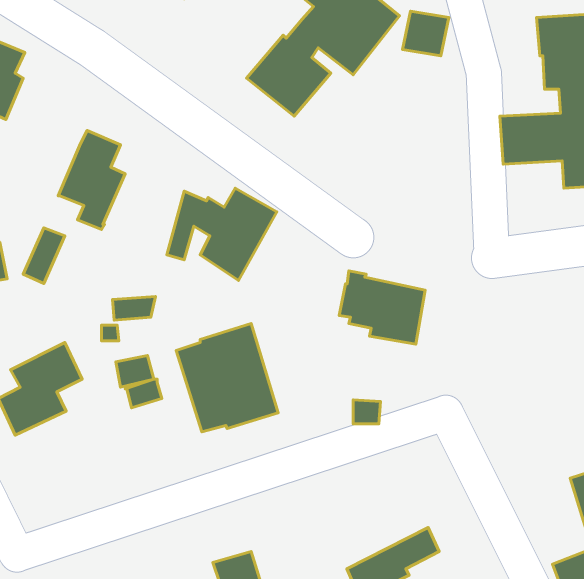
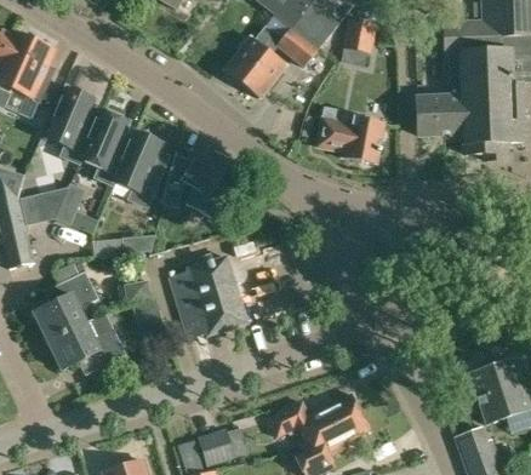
building: none -> [48,88,97,164]
building: none -> [114,130,170,207]
building: [339,271,425,344] -> [318,108,383,164]
building: none -> [47,313,126,370]
building: none -> [267,393,361,442]

